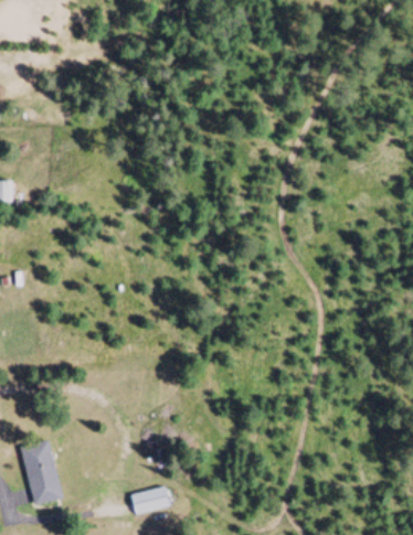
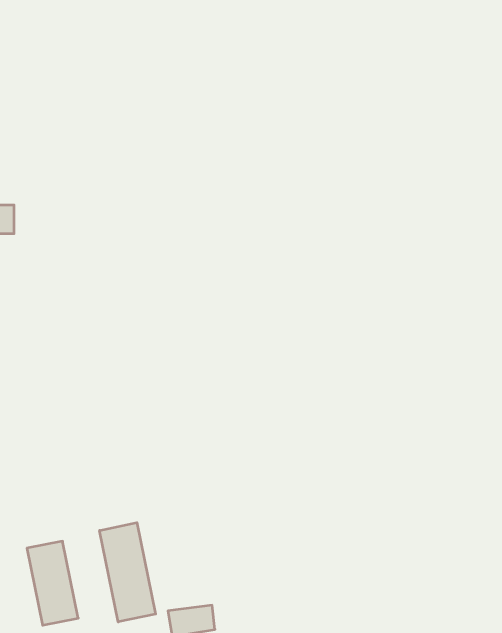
building: none -> [100,523,156,622]

